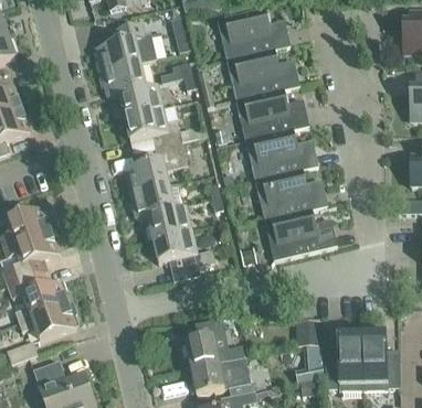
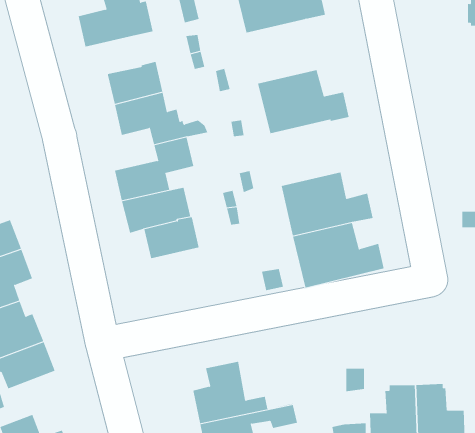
building: [226,47,299,98] -> none
building: [99,61,144,94] -> none
building: [245,127,317,179] -> none
building: [151,227,213,268] -> none

